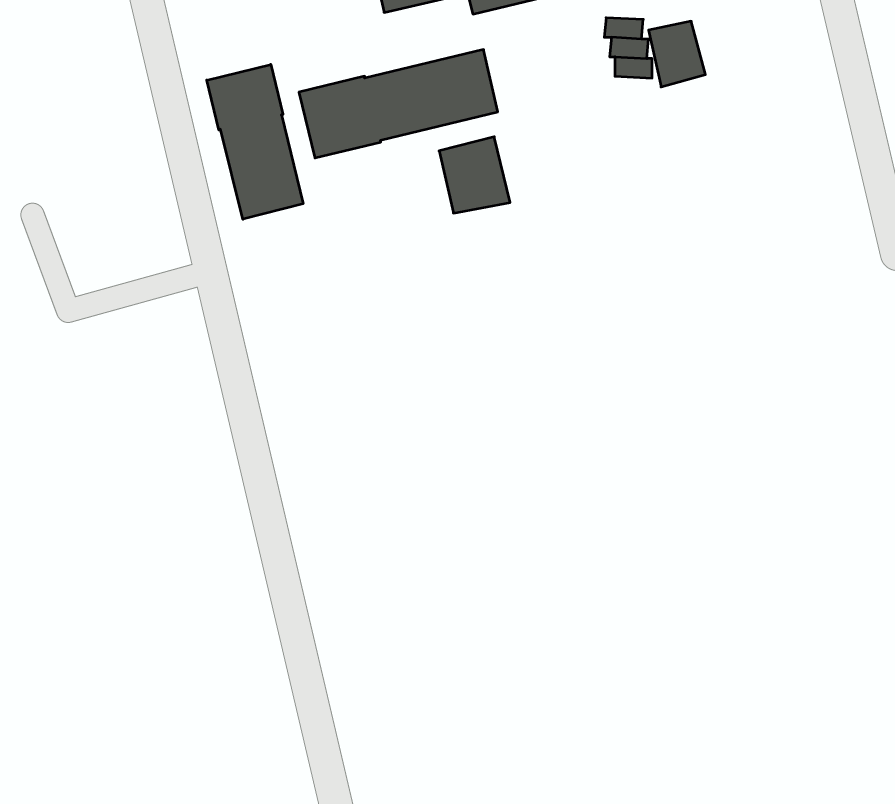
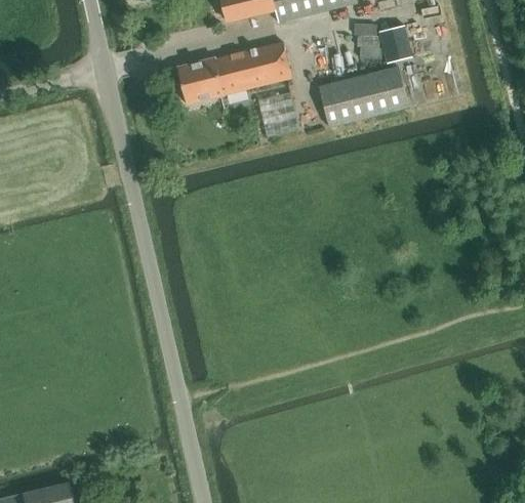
building: [207,64,303,219] -> none
building: none -> [318,67,408,126]

